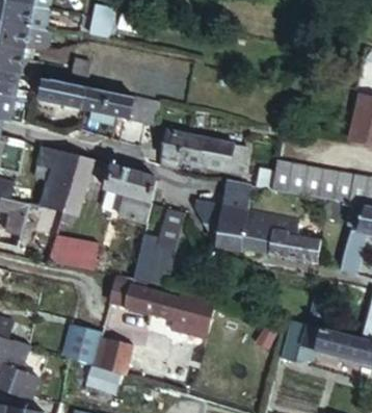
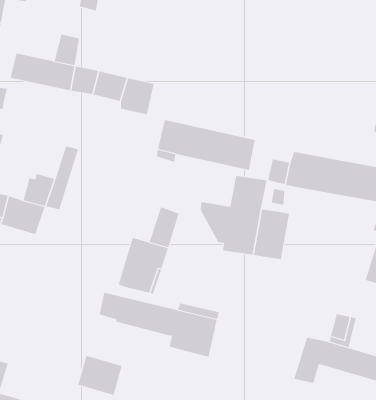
building: [33,143,79,183] -> none
building: [101,164,155,222] -> none
building: [268,213,317,262] -> none
building: [44,236,92,269] -> none
building: [59,325,98,363] -> none

